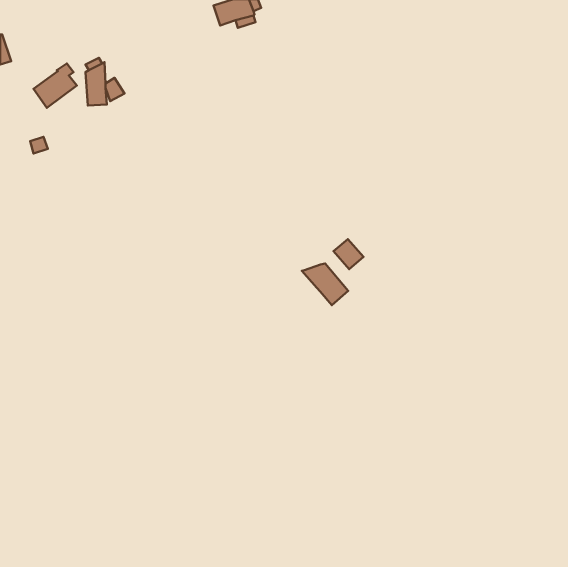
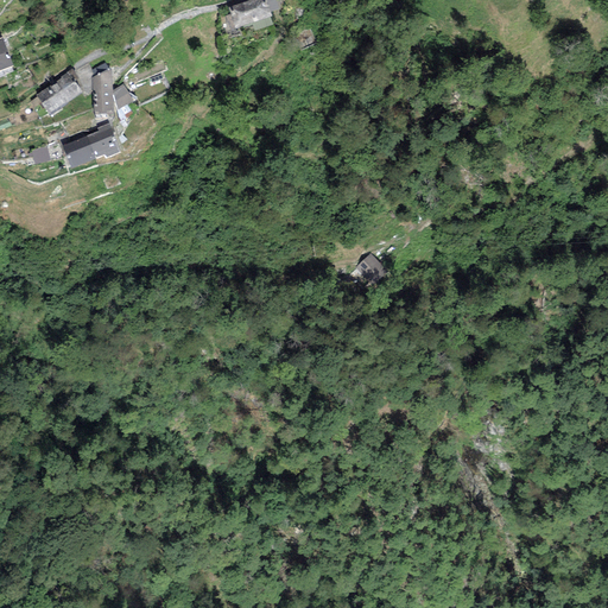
building: none -> [62,122,120,166]
building: [302,264,348,305] -> none

